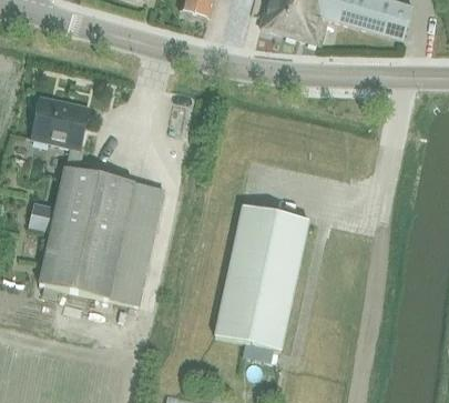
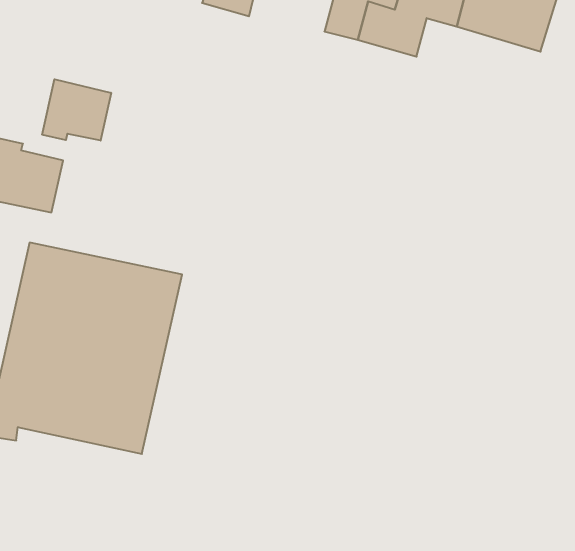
building: none -> [42,79,111,141]
building: [215,204,309,355] -> none

